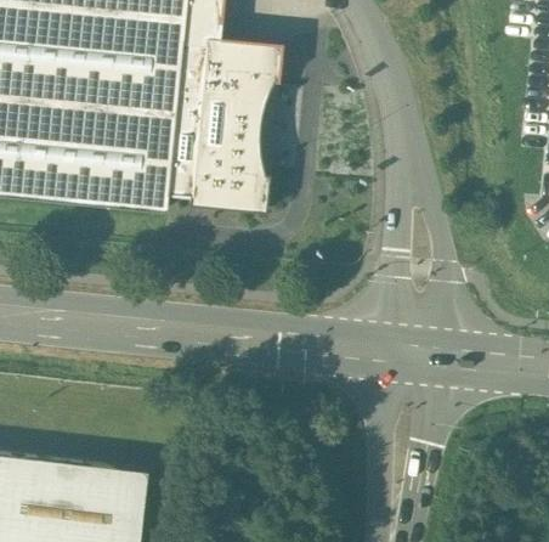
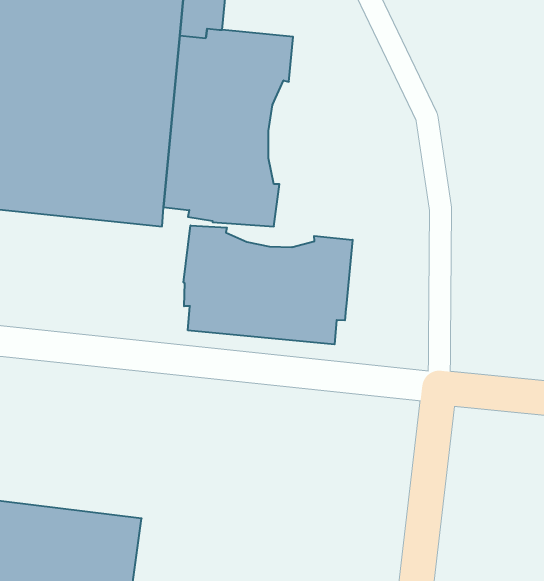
building: none -> [184,225,353,344]

